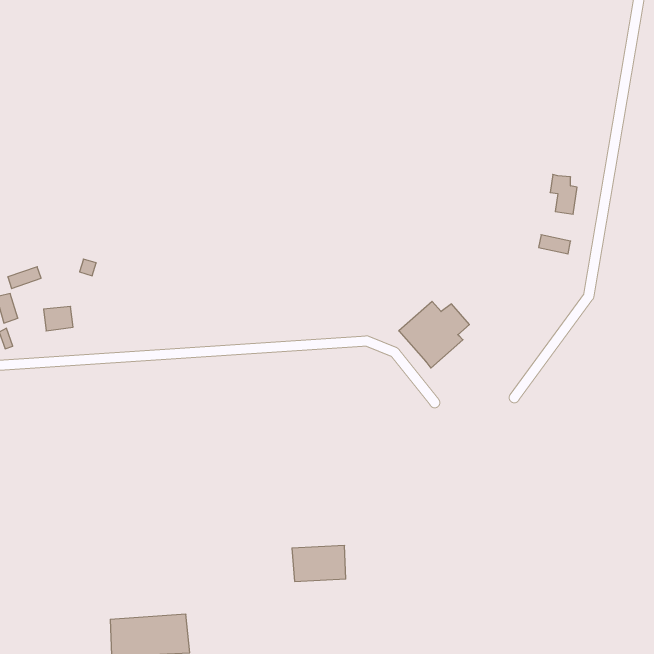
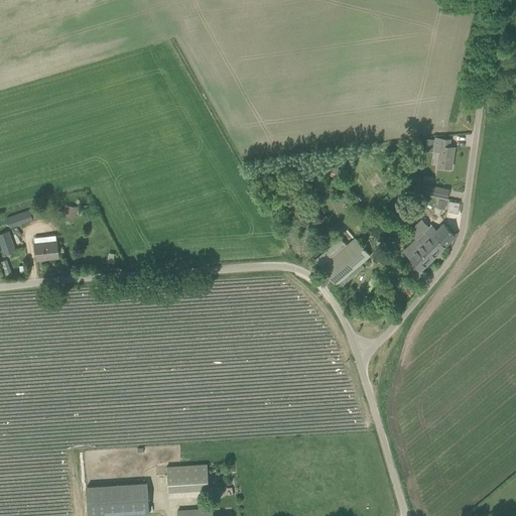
building: none -> [403,221,455,271]
building: [292,546,346,581] -> [167,464,210,492]

